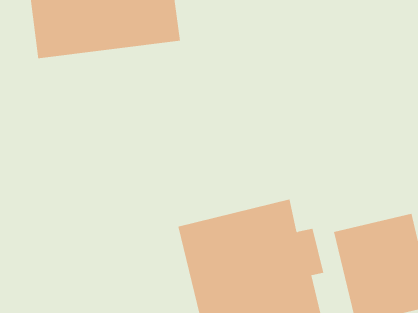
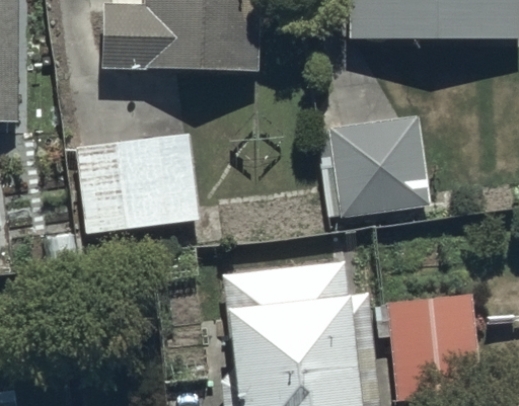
building: none -> [323,113,427,213]
building: none -> [79,127,202,239]

